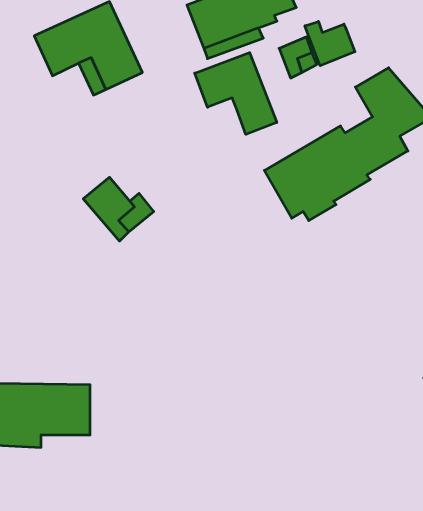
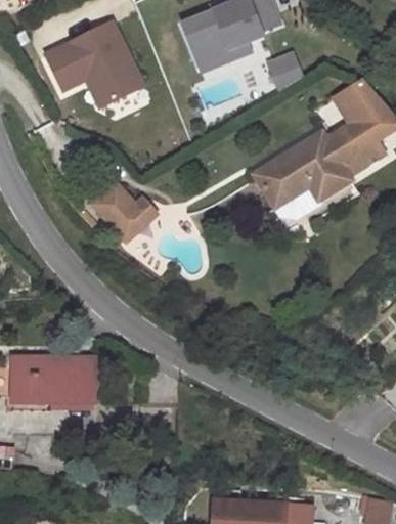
building: [305,21,355,66] -> none
building: [195,53,277,134] -> none

